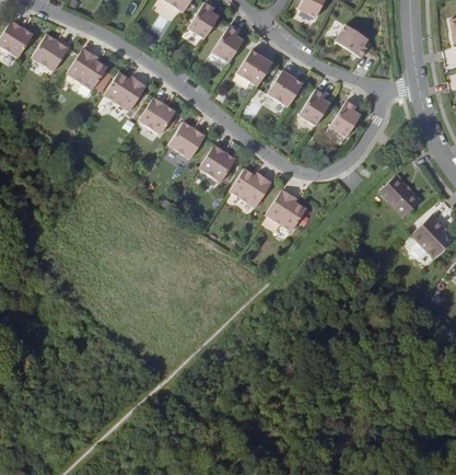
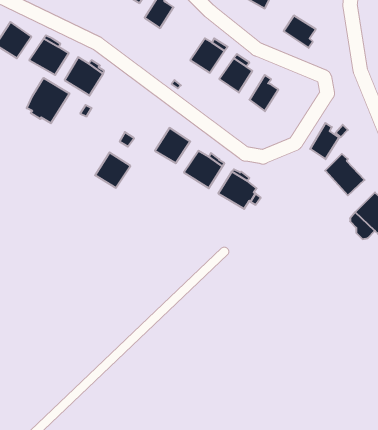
building: [211,26,243,62] -> none
building: none -> [27,78,69,123]
building: [139,96,176,134] -> none
building: [329,100,360,138] -> [310,123,339,159]
building: [168,121,206,159] -> [95,152,130,188]

